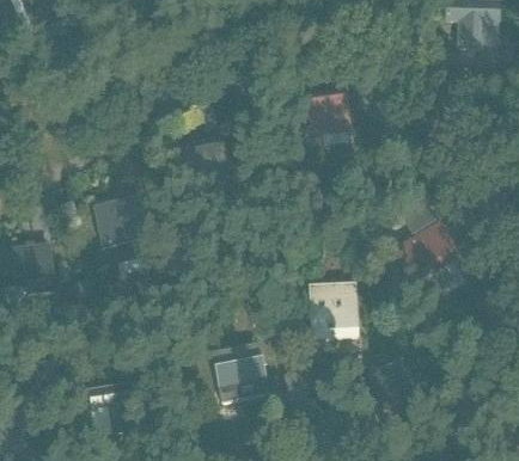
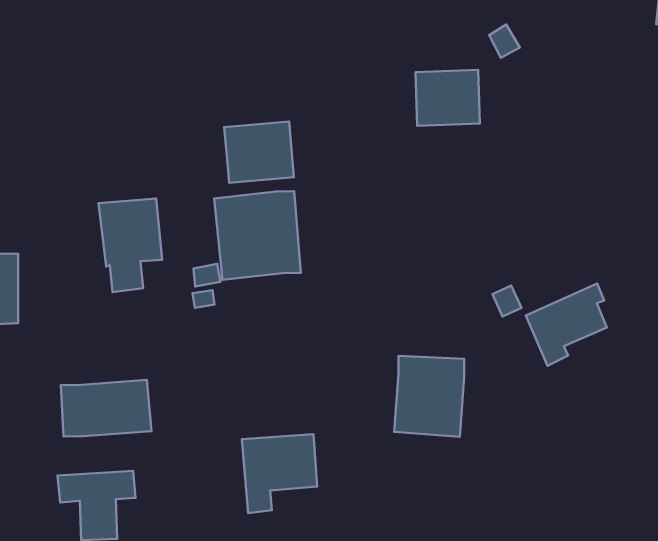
building: none -> [214,191,301,280]
building: none -> [61,380,152,437]

